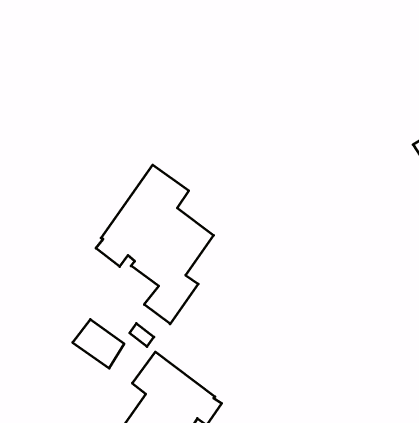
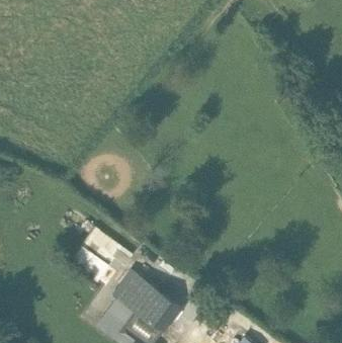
building: [96,165,214,324] -> none

